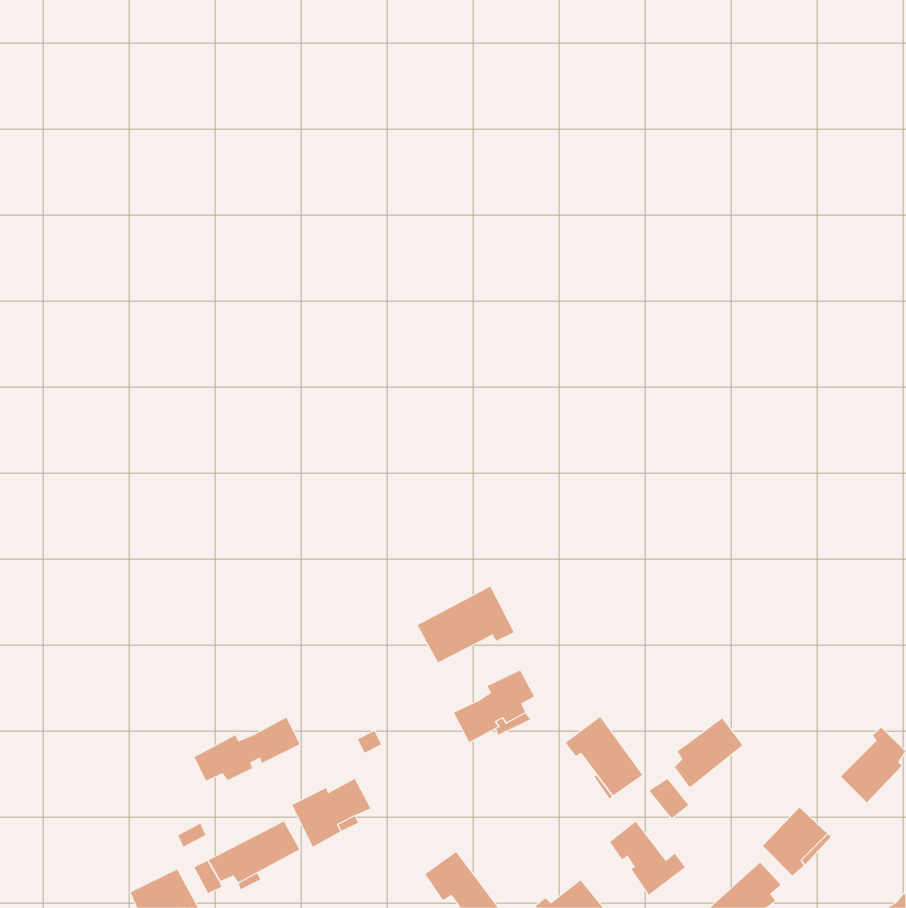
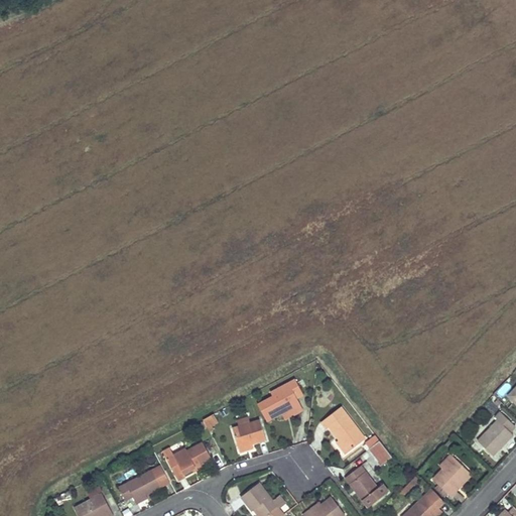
building: [417,586,514,663] -> none
building: [194,717,300,781] -> none
building: [674,717,743,788] -> none
building: none -> [232,419,265,448]

